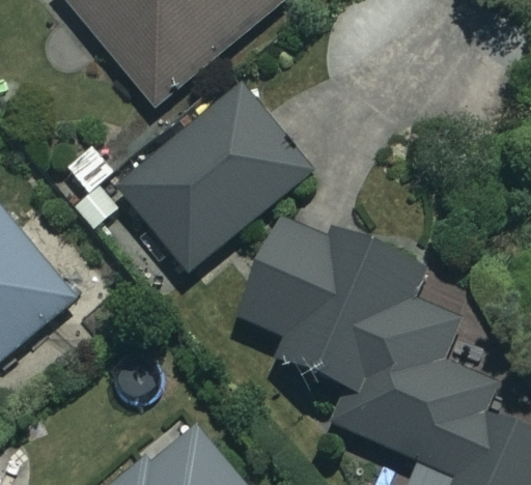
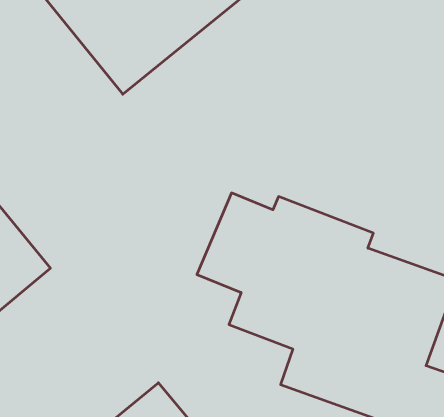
building: [120,86,312,272] -> none

